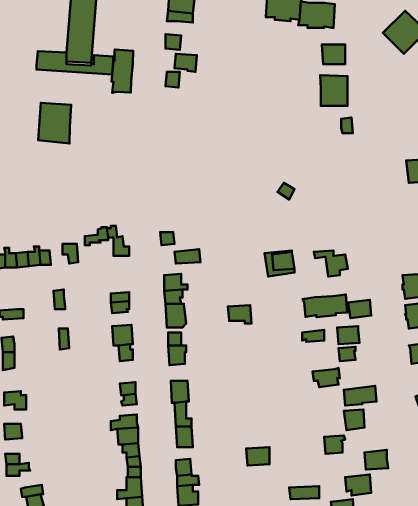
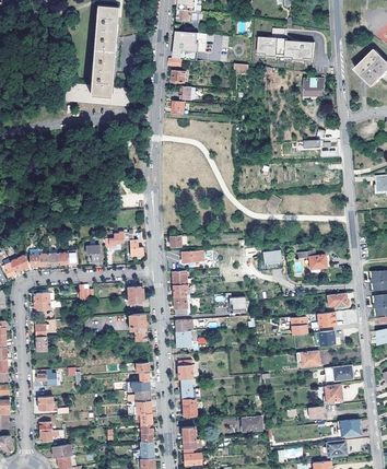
building: [111,49,133,93] -> none
building: [320,75,348,106] -> none
building: [38,103,71,143] -> none
building: [302,295,347,317] -> none

